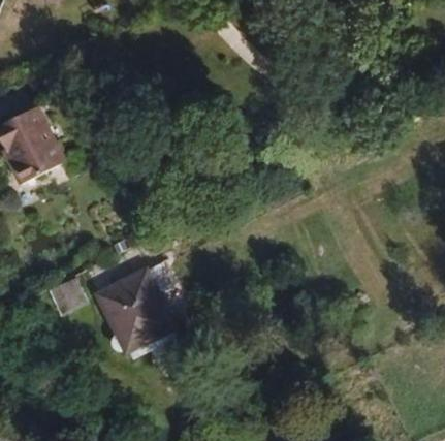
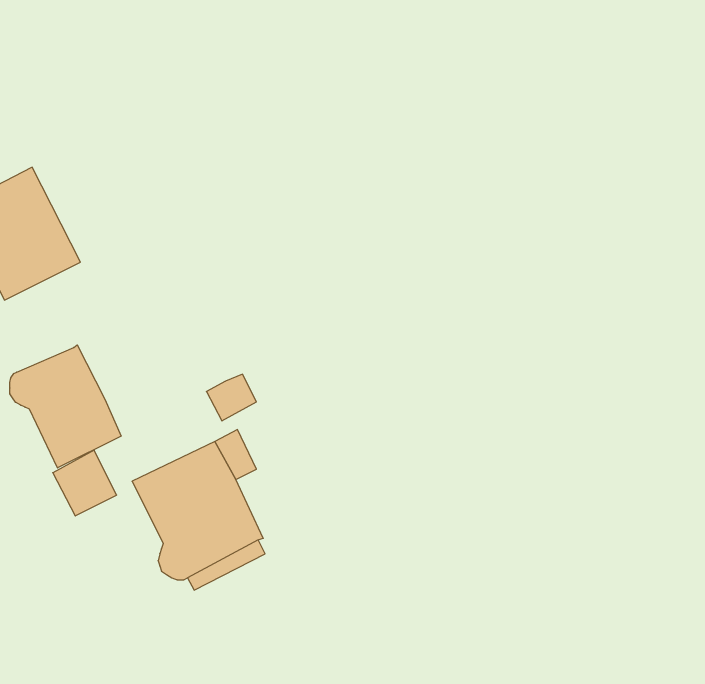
building: none -> [10,345,121,468]

